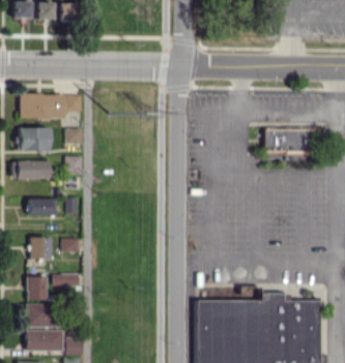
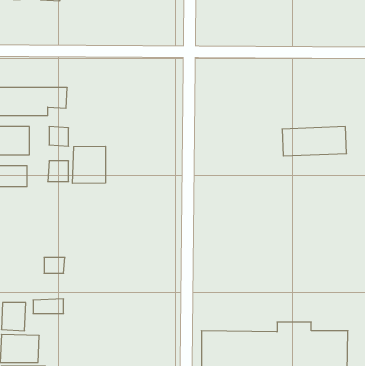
building: none -> [72,146,105,183]
building: [29,199,56,215] -> none
building: [30,237,50,259] -> none

